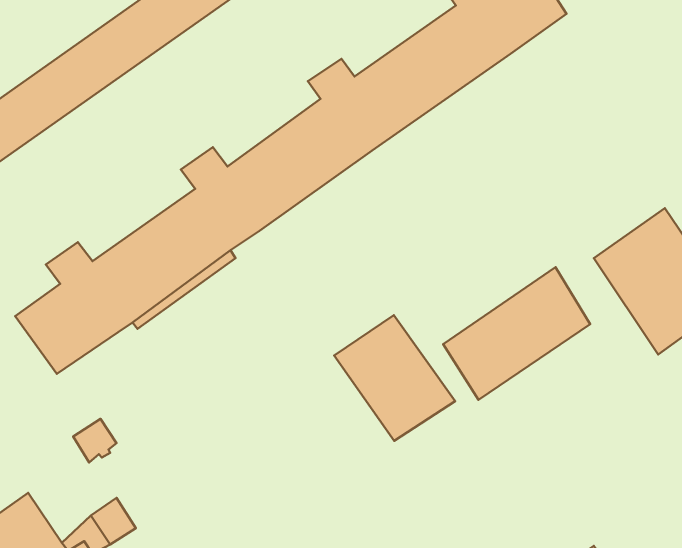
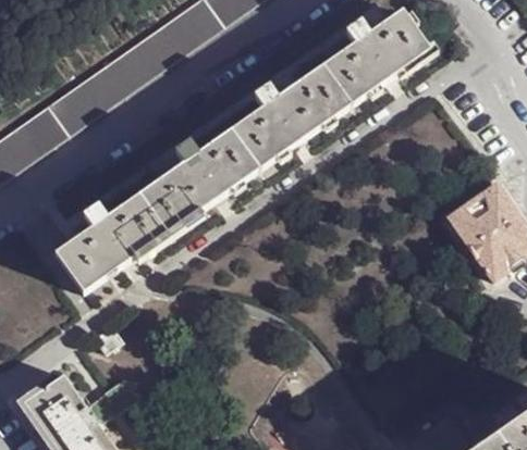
building: [443,267,590,400] -> none
building: [334,315,455,441] -> none

